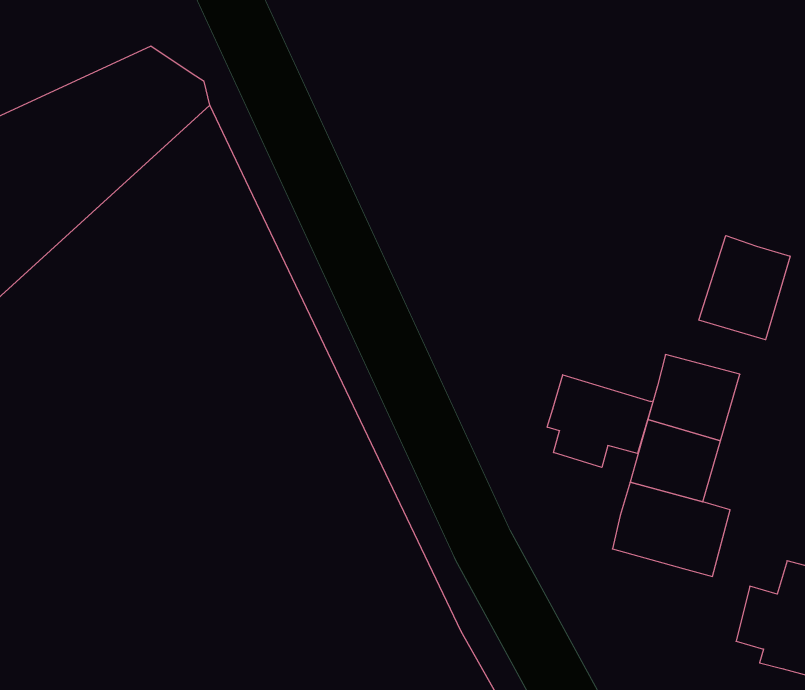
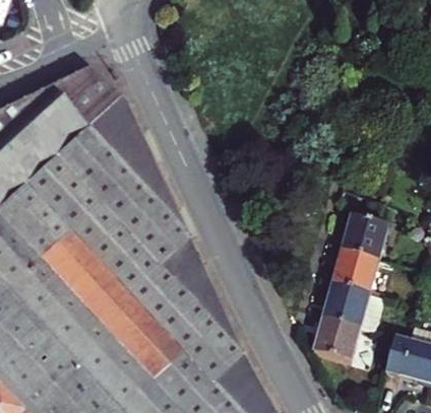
building: [699,236,790,340] -> none
building: [547,375,653,467] -> none
building: none -> [310,324,357,367]

